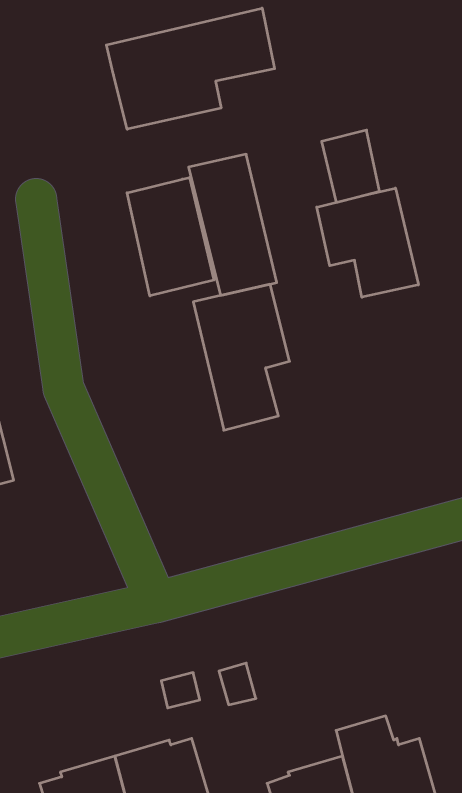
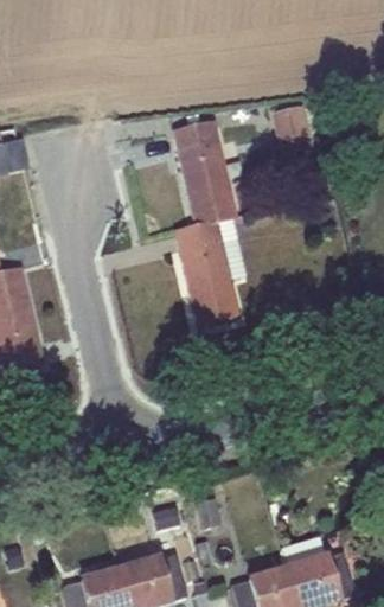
building: [106,8,275,129] -> none
building: [127,177,214,296] -> none
building: [317,188,418,297] -> none

